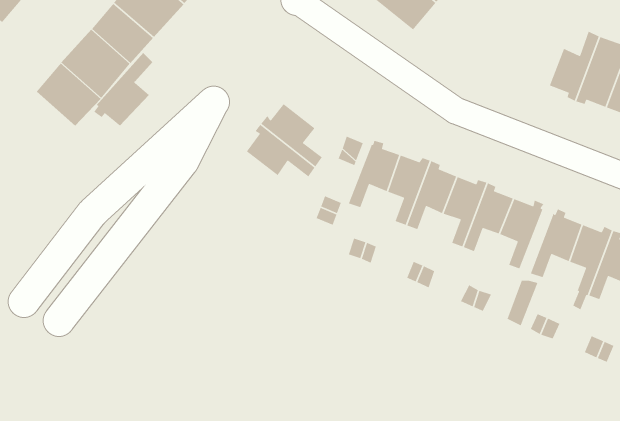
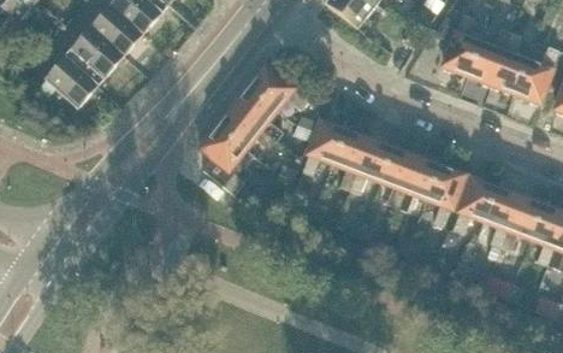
building: none -> [444,14,480,73]
building: [93,52,153,127] -> none
building: none -> [249,65,307,110]
building: none -> [198,128,251,195]

